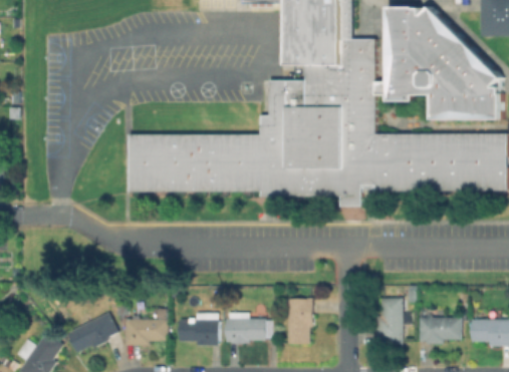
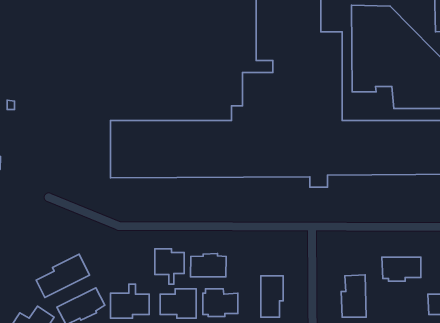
building: none -> [155,249,184,284]
building: none -> [191,254,226,277]
building: none -> [36,254,89,297]
building: [418,318,460,344] -> [382,257,421,281]

